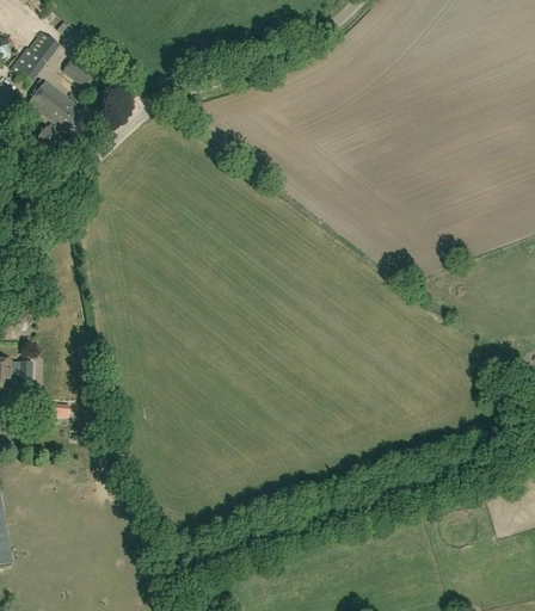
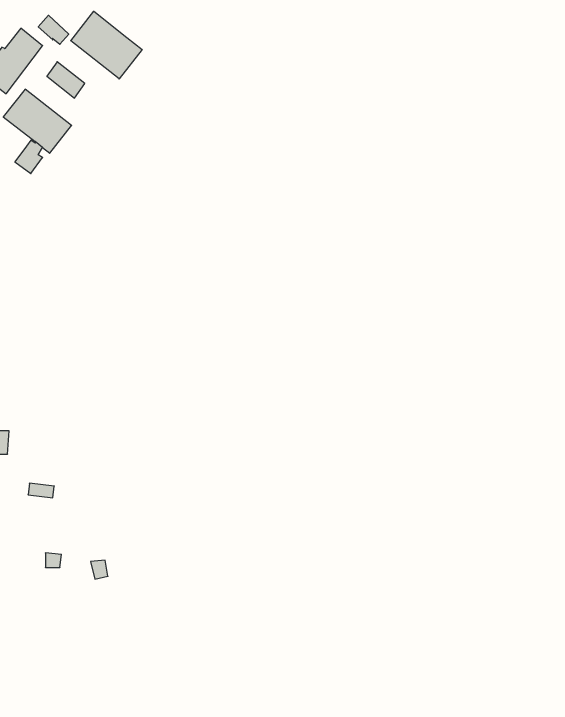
building: none -> [71,11,142,79]

